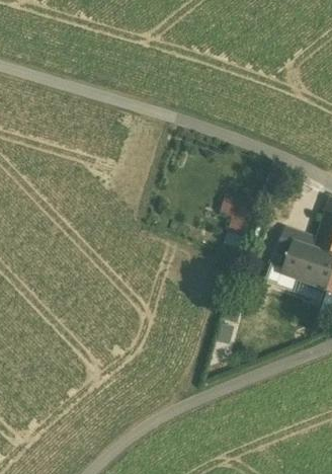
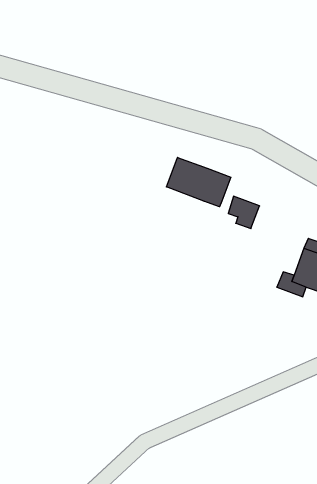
building: none -> [166,157,231,207]

